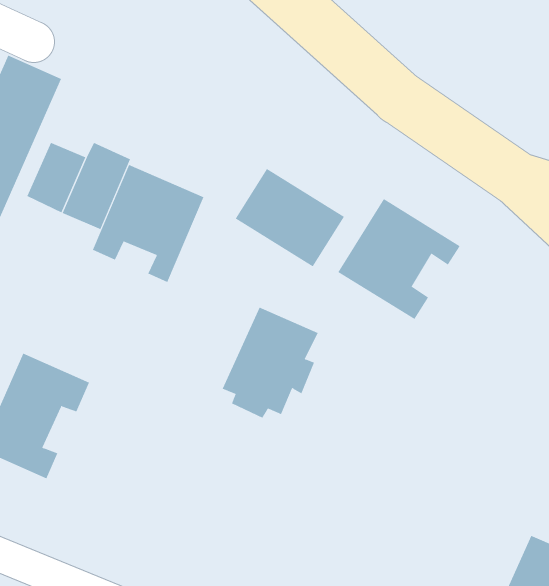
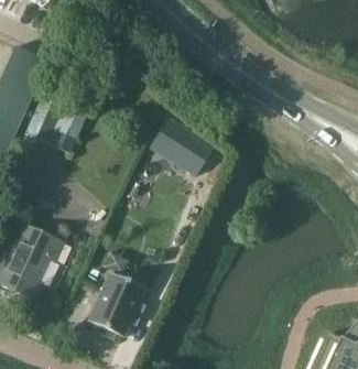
building: [92,164,204,283] -> none
building: [338,198,461,320] -> none
building: [222,307,319,418] -> [89,271,147,337]

